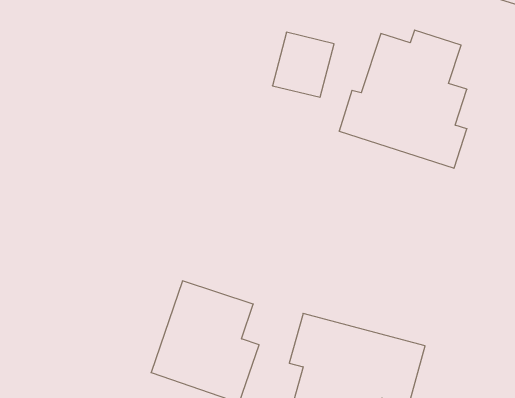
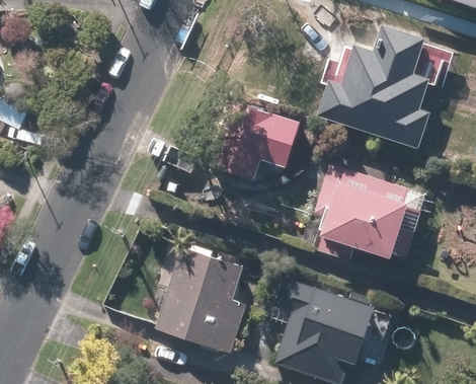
building: [272,32,334,97] -> [234,109,288,166]
building: none -> [313,152,412,262]

